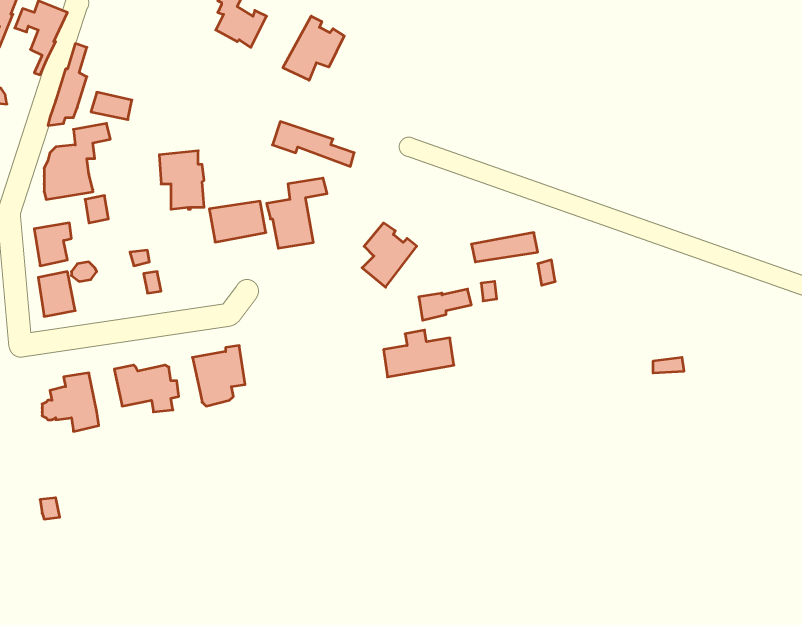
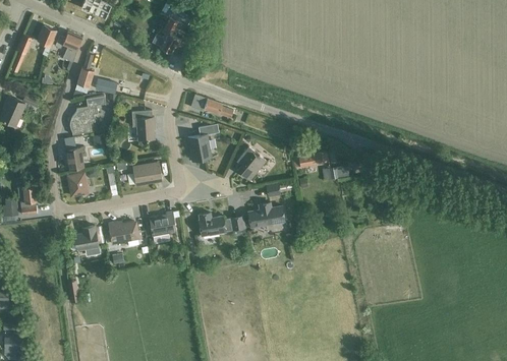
building: [283,16,344,80] -> none
building: [209,201,266,242] -> [132,163,162,184]
building: none -> [200,213,245,236]

